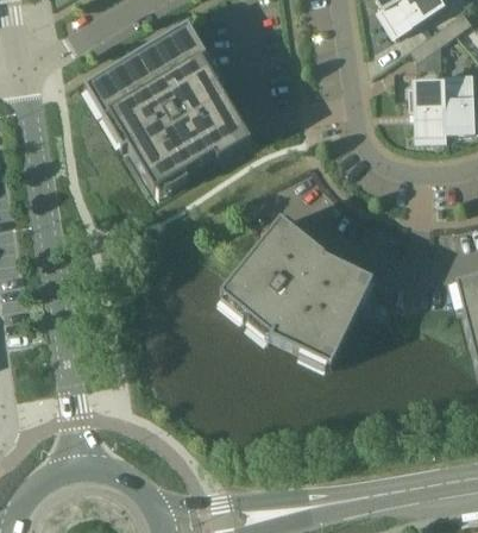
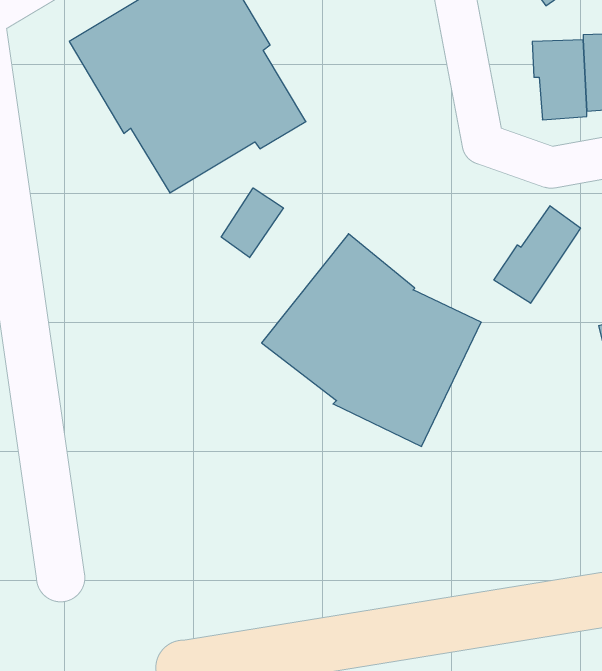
building: none -> [221,188,283,258]
building: none -> [494,206,580,303]

